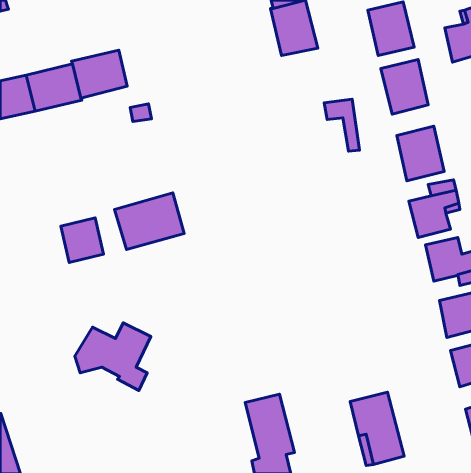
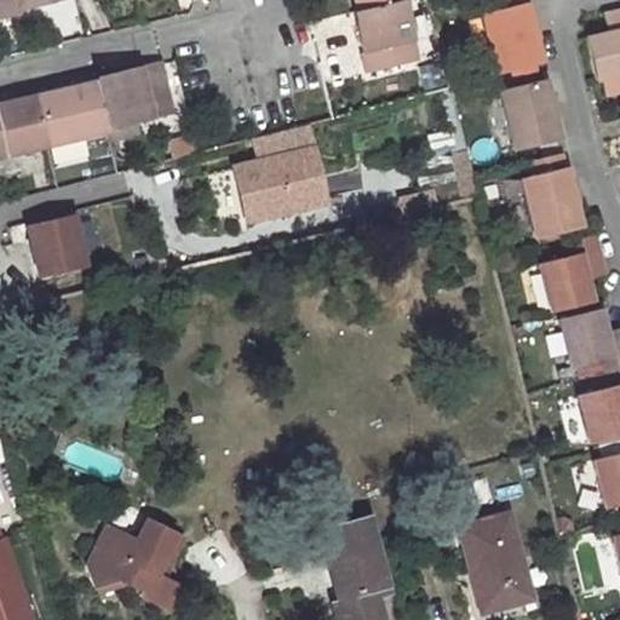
building: [114,193,184,249] -> [237,144,328,218]
building: [61,218,104,262] -> [29,217,85,275]
building: [75,323,151,390] -> [91,522,190,610]

